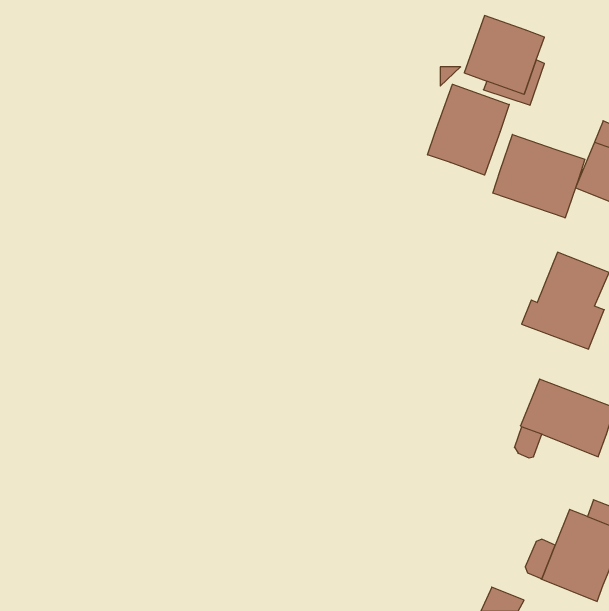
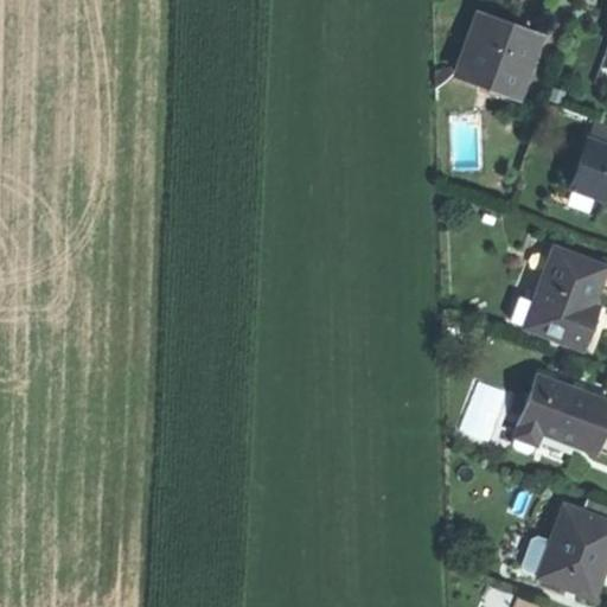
building: [428,84,509,175] -> none
building: [493,134,585,218] -> none

